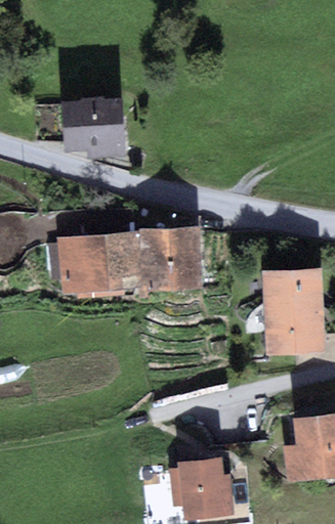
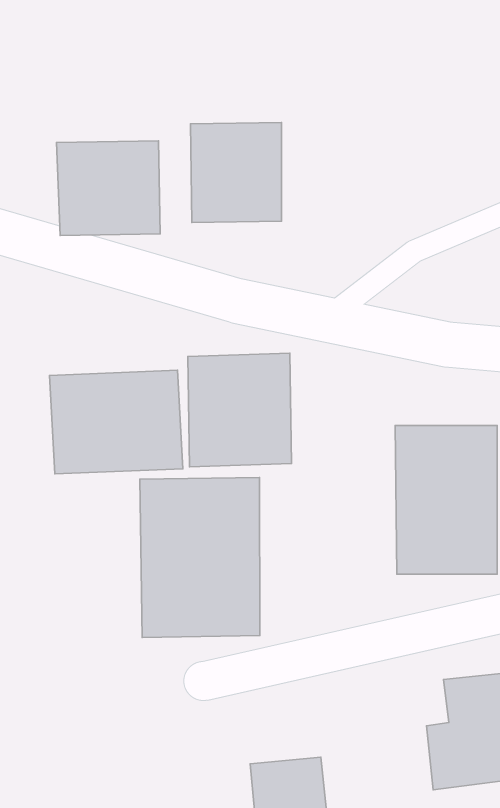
building: none -> [190,122,282,223]
building: none -> [140,477,260,637]

